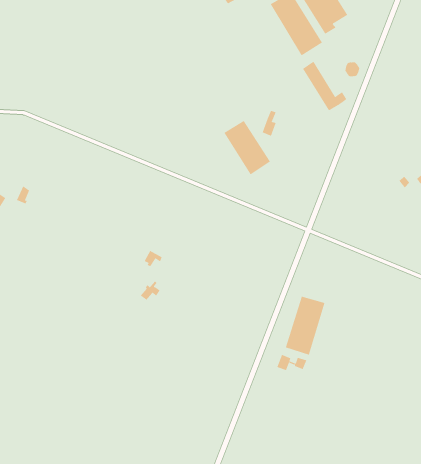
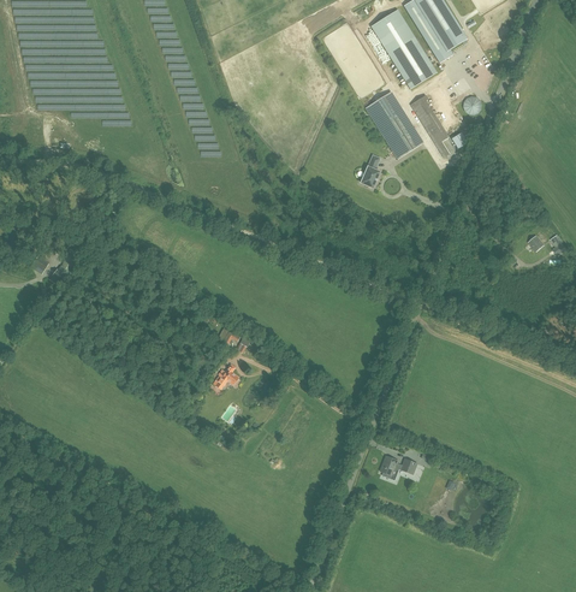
building: [224,120,271,175] -> [364,91,422,159]
building: [285,296,325,356] -> none

